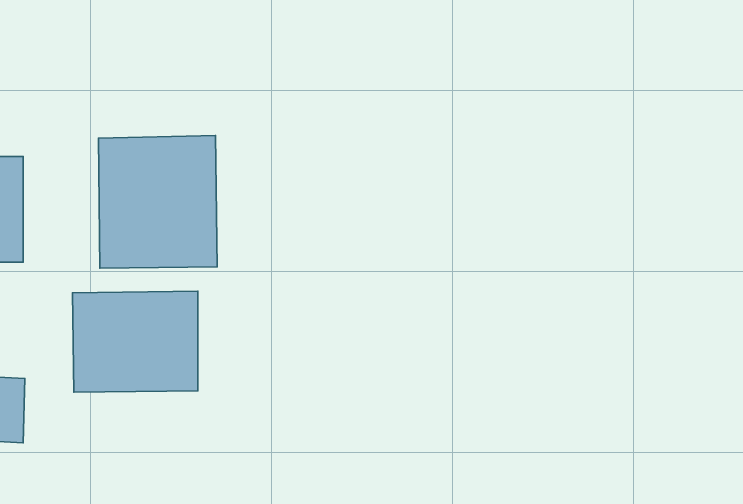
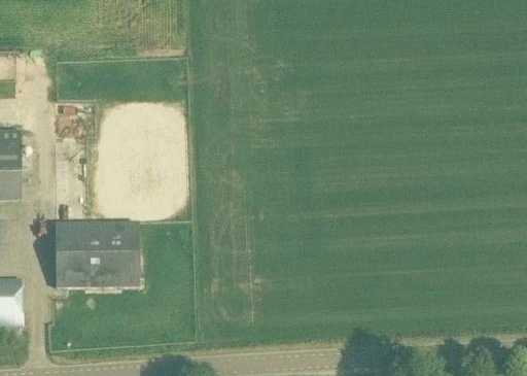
building: [98,136,217,268] -> none

